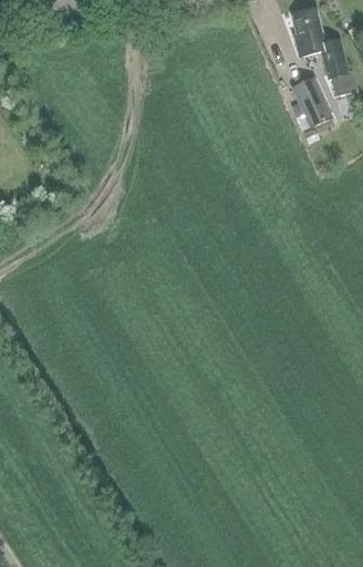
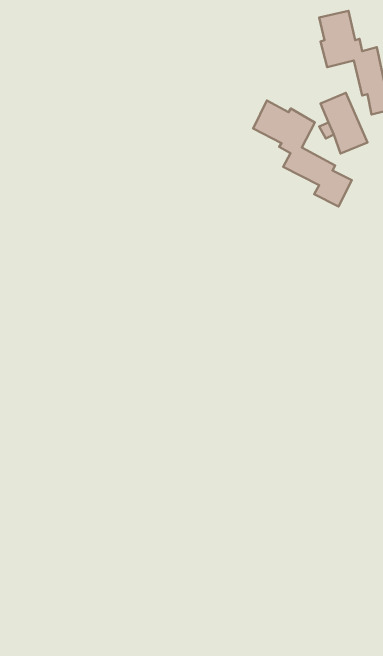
building: none -> [253,101,352,207]

